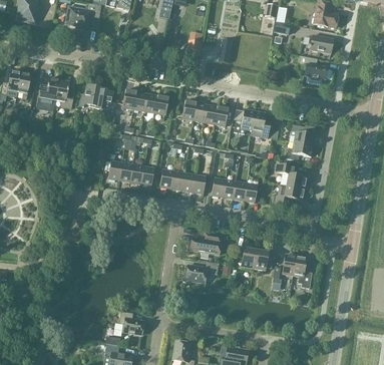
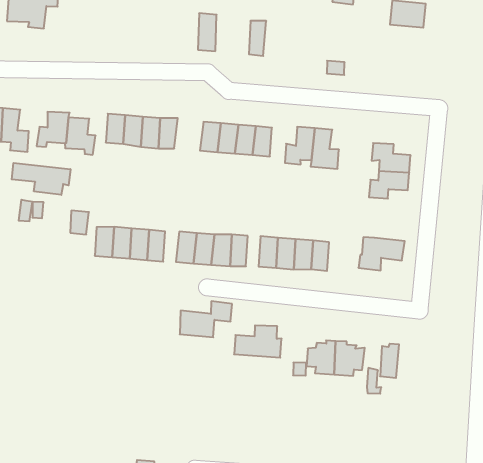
building: [299,56,329,85] -> none
building: none -> [12,163,70,195]
building: [274,163,310,189] -> none
building: [292,254,312,289] -> none
building: [184,261,220,284] -> [180,301,232,337]

